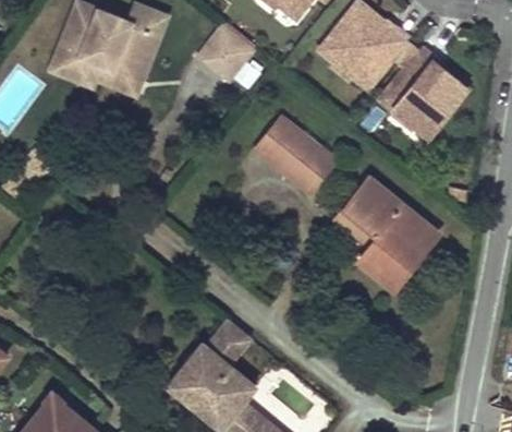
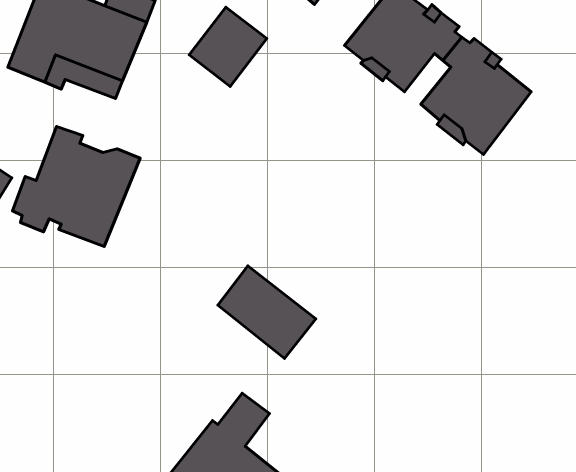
building: none -> [12,127,140,247]
building: [256,119,334,193] -> [218,266,316,358]
building: [332,179,437,288] -> none

